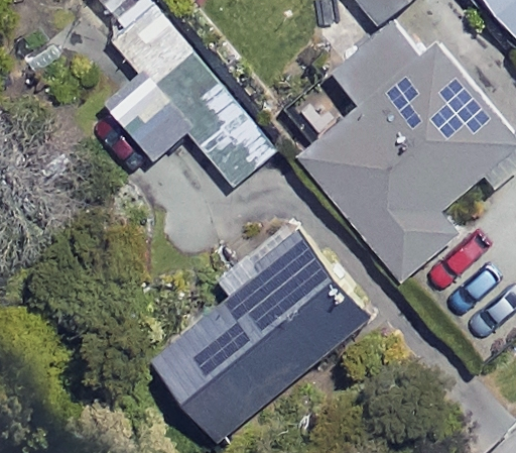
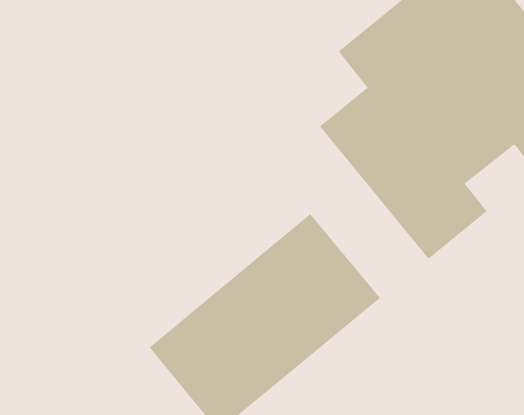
building: [104,46,268,187] -> none

